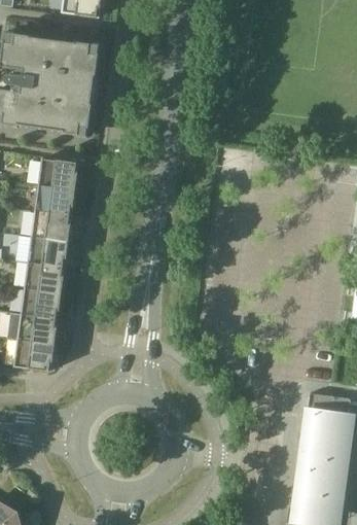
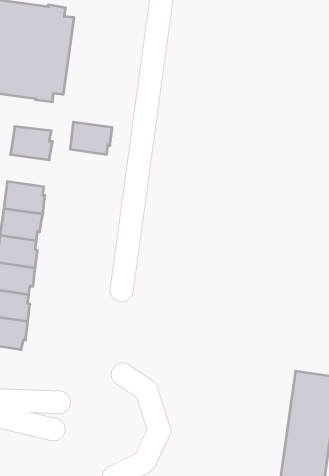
building: [34,185,74,216] -> [70,122,112,154]

